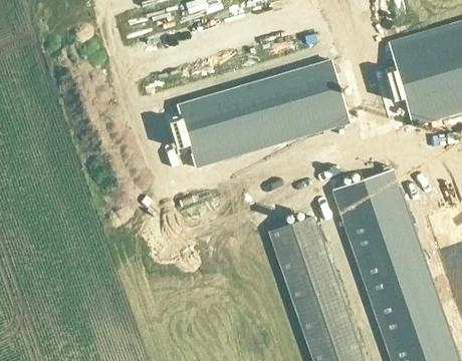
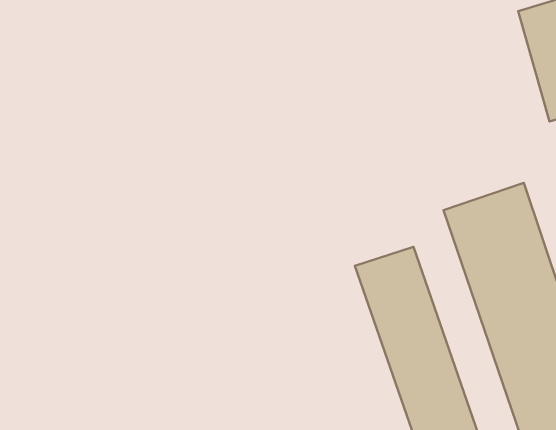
building: [178,61,348,158] -> none

